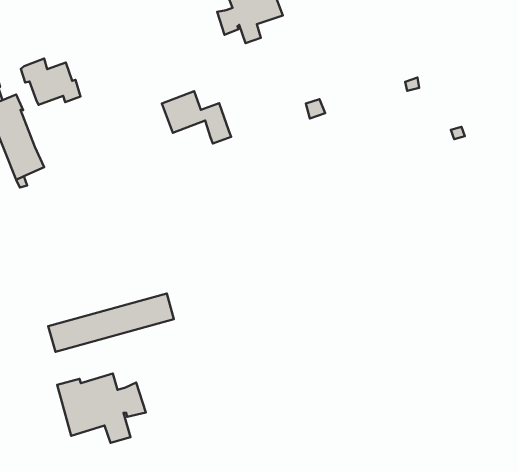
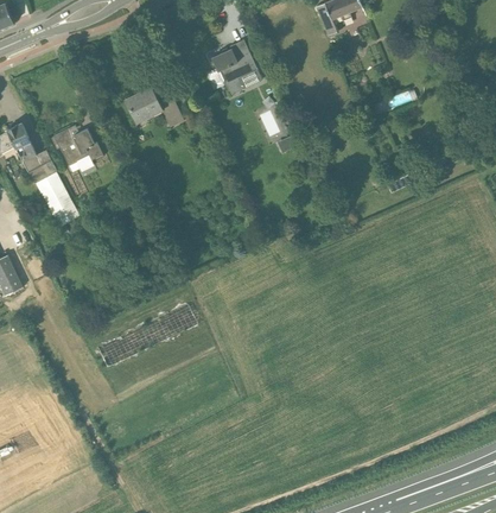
building: [162,91,231,143] -> [126,86,185,126]
building: [57,374,146,443] -> none

